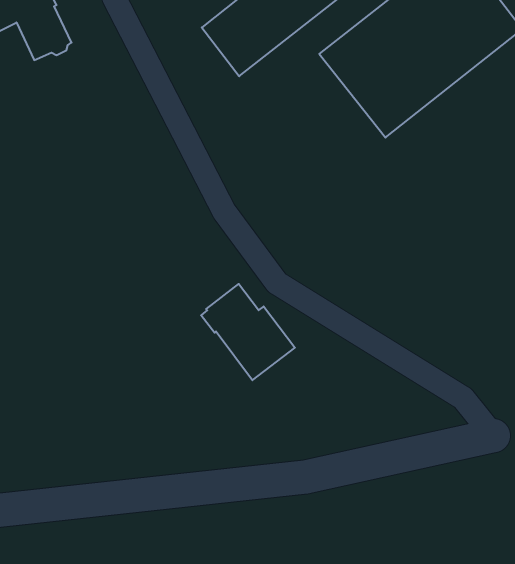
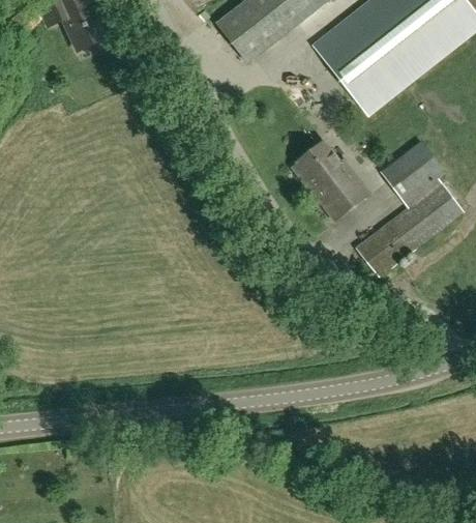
building: none -> [356,142,464,277]
building: [201,284,295,380] -> [292,141,369,221]

